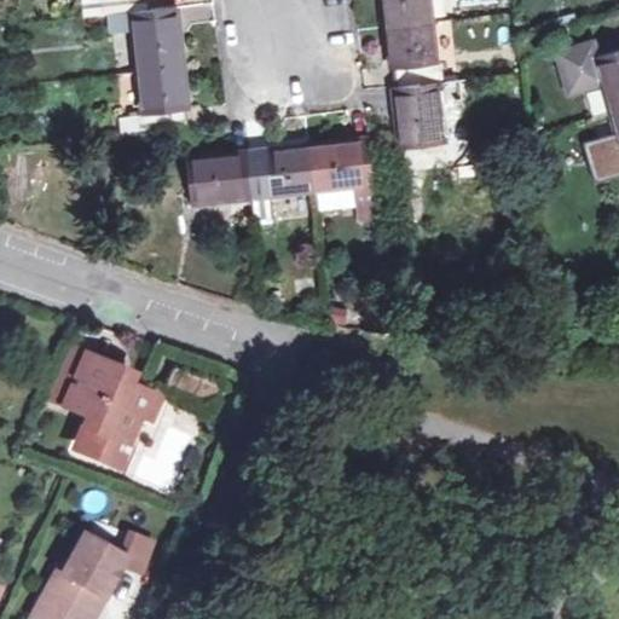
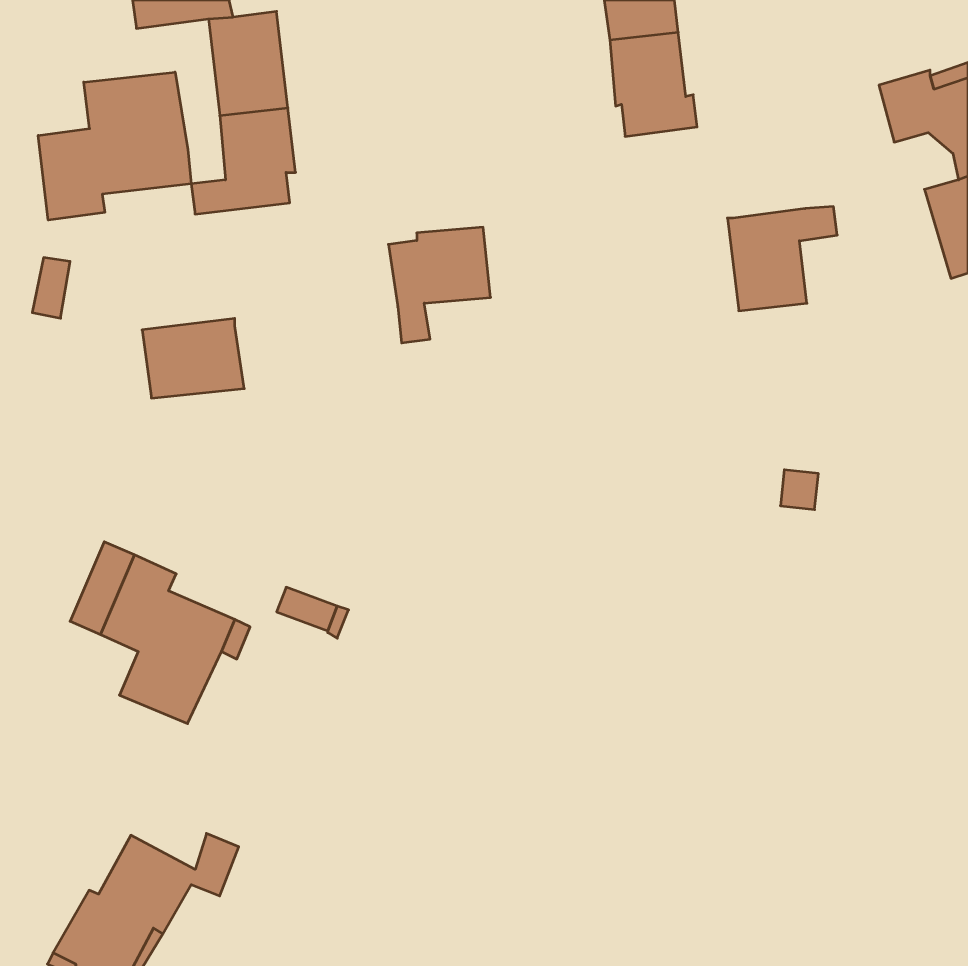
building: none -> [38,72,191,220]
building: [395,81,465,147] -> [727,207,837,311]
building: [308,139,377,212] -> none
building: [189,152,254,203] -> [142,318,244,398]

